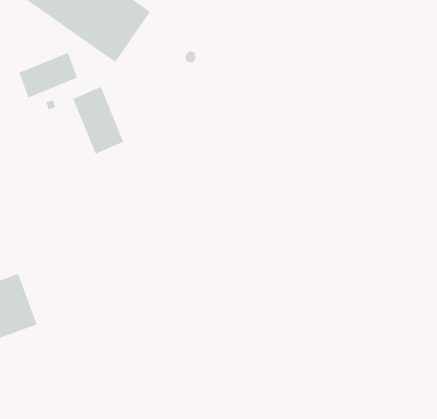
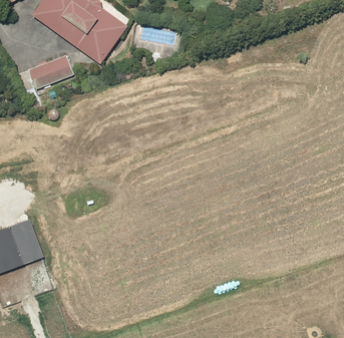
building: [73,86,124,155] -> none

